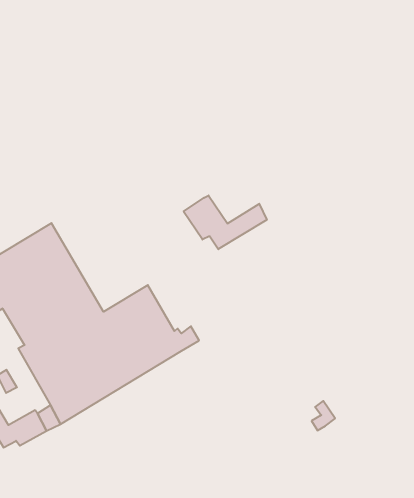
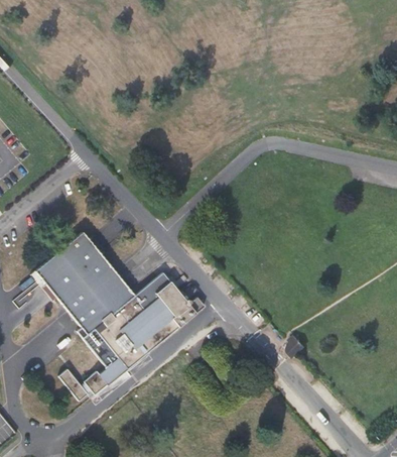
building: [184,195,267,249] -> none

